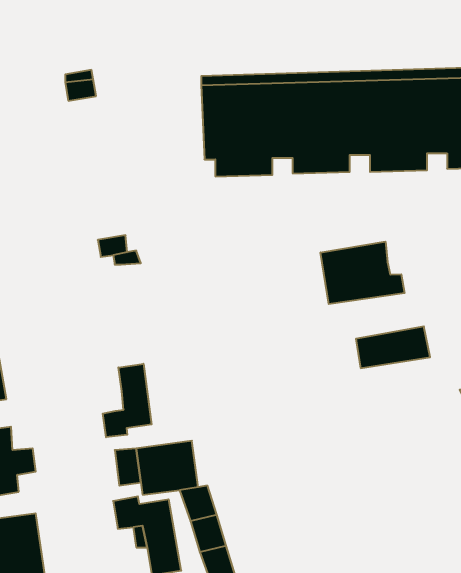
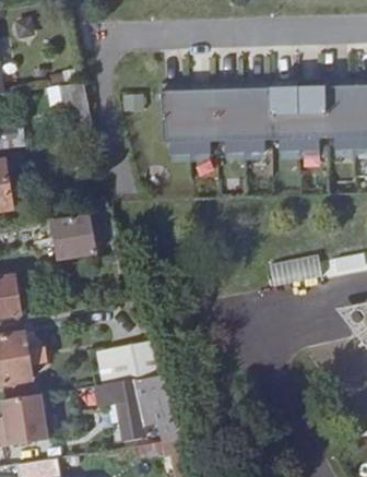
building: [321,242,405,304] -> none
building: none -> [51,217,94,260]
building: [103,364,152,437] -> none

